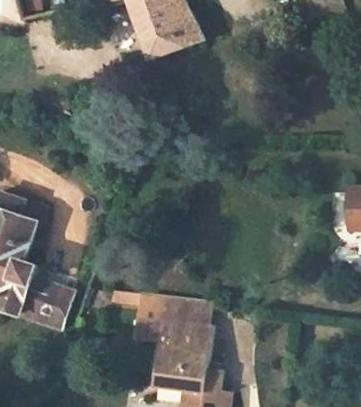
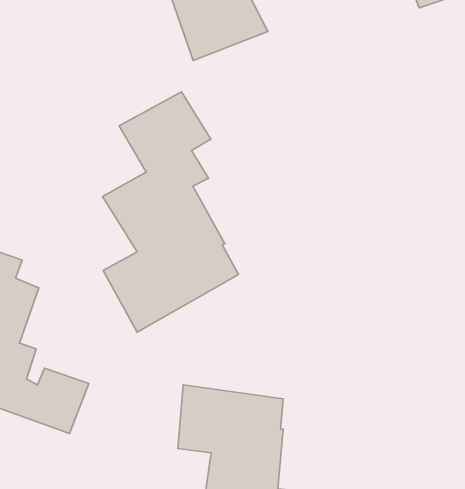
building: none -> [103,92,238,332]

